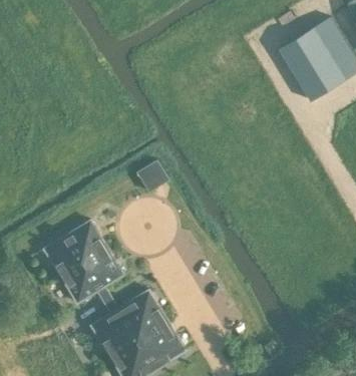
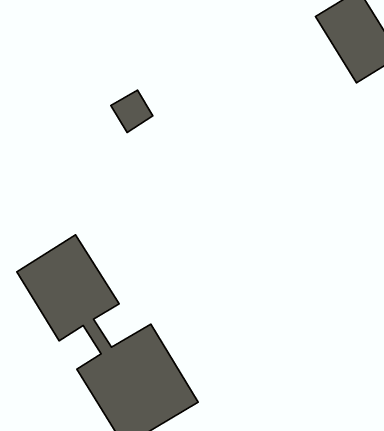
building: [136,160,169,194] -> [111,90,153,132]

